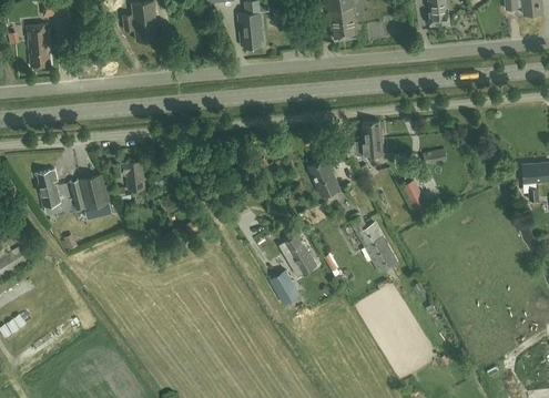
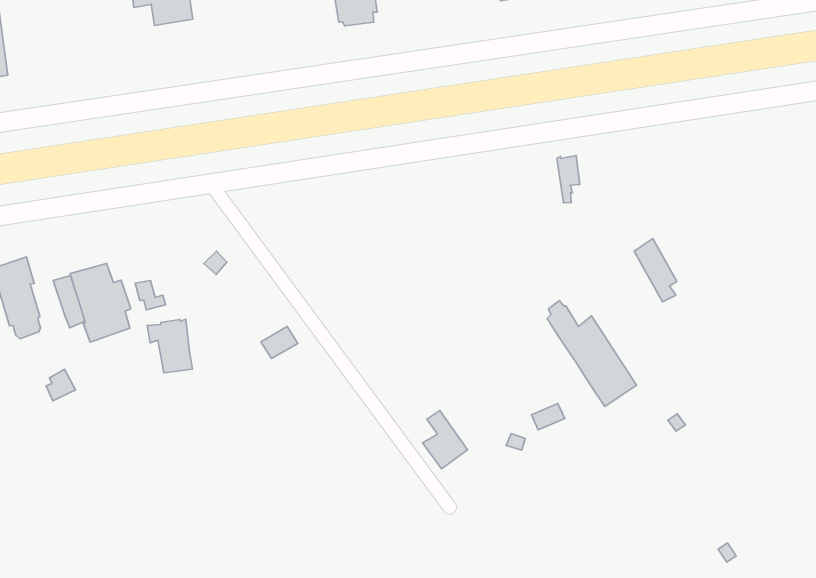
building: [363,121,384,156] -> none
building: [308,159,339,203] -> none
building: [120,161,144,191] -> [147,319,193,373]
building: [278,233,316,276] -> none

